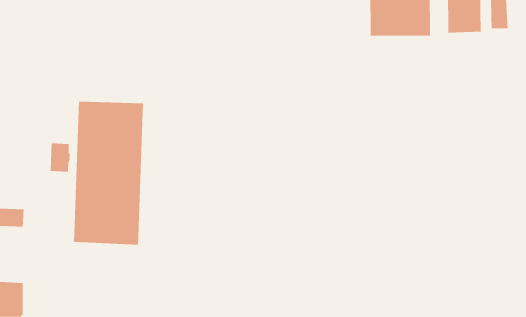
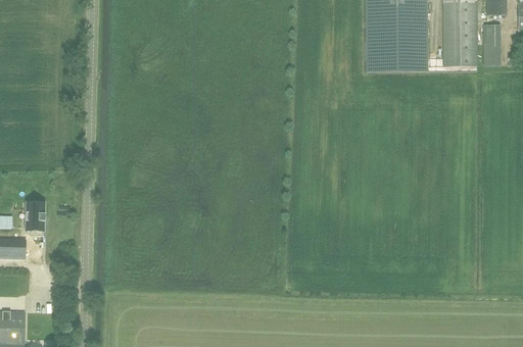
building: [73,101,144,245] -> none
building: [50,143,70,173] -> [25,200,45,230]

